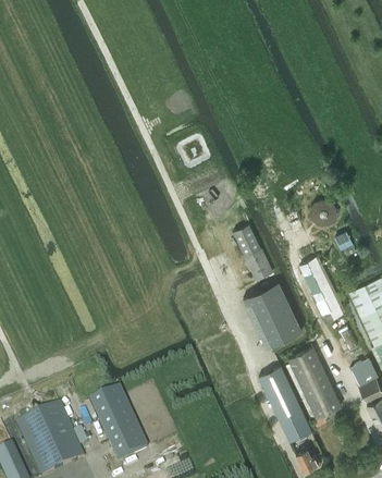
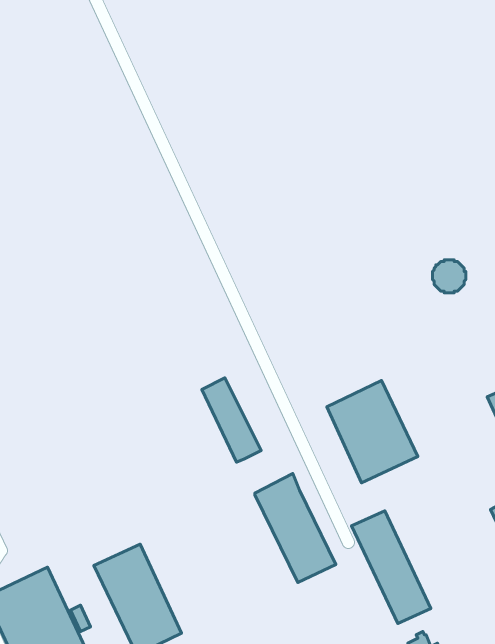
building: [234,224,273,280] -> [202,378,261,462]
building: [300,256,342,315] -> none
building: [288,346,342,418] -> [255,473,336,583]

